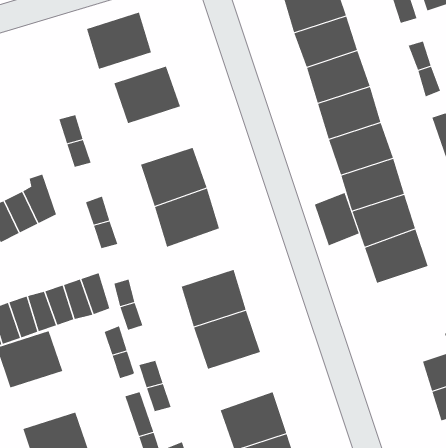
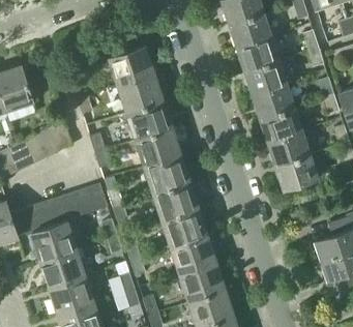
building: [86,12,152,70] -> [118,73,161,112]
building: [314,192,359,246] -> none
building: none -> [144,154,188,192]
building: none -> [171,236,214,274]
building: none -> [40,248,84,287]

